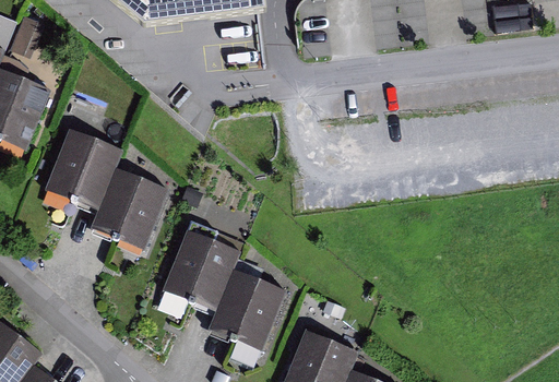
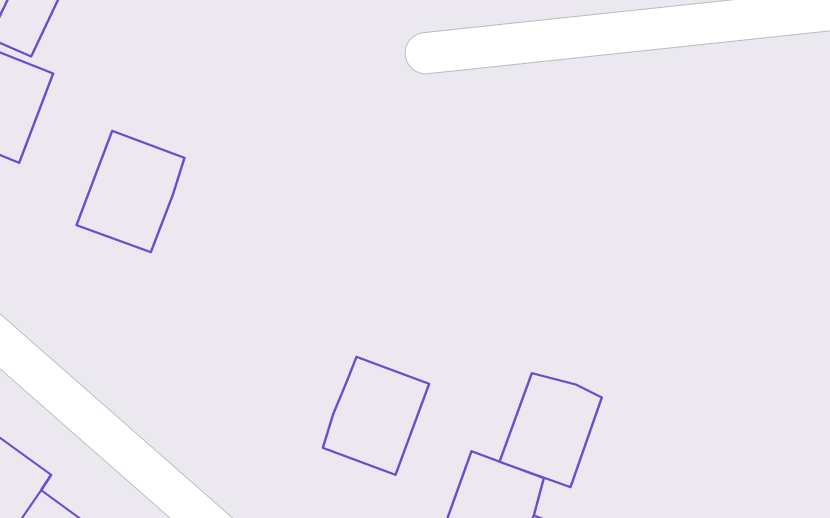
building: [94,165,163,241] -> none
building: [173,228,241,307] -> none
building: none -> [500,373,602,487]

